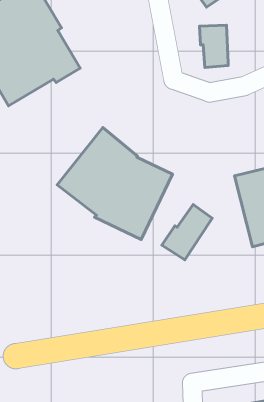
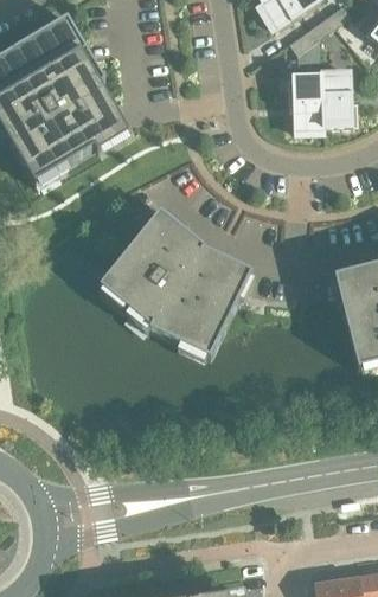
building: none -> [322,69,357,123]
building: [162,204,212,260] -> none

